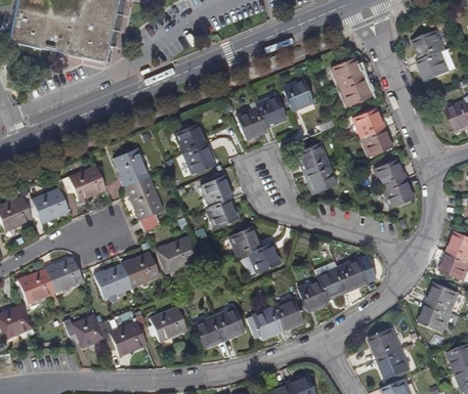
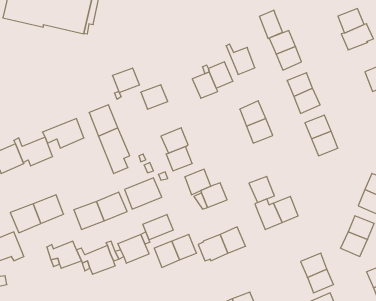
building: none -> [259,10,282,39]
building: [183,144,216,174] -> [112,68,140,93]
building: [296,278,327,310] -> [249,176,274,203]
building: none -> [143,214,173,240]

